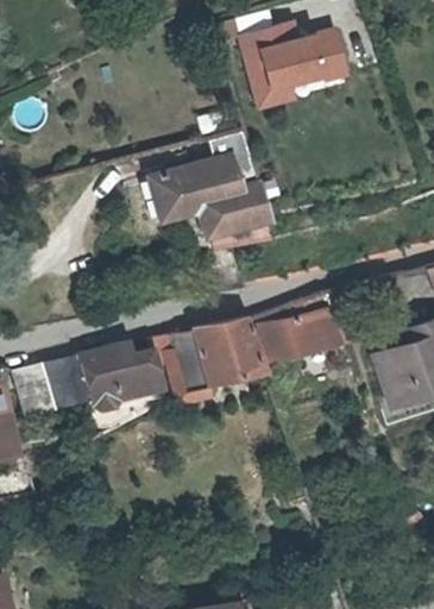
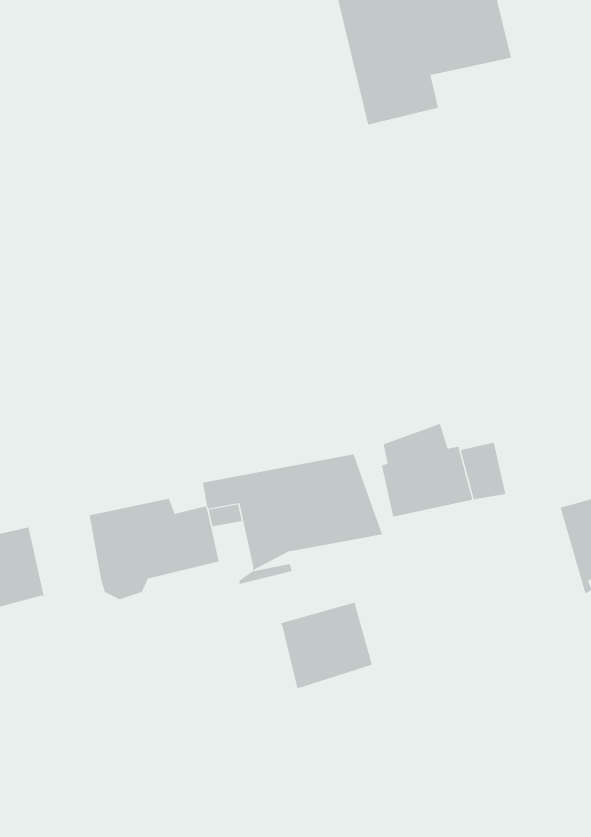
building: [140,151,273,258] -> none
building: [48,358,92,408] -> none
building: none -> [280,602,373,689]

